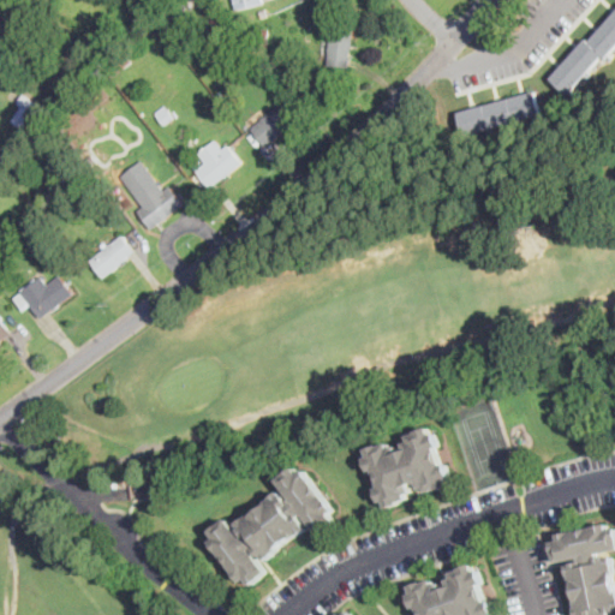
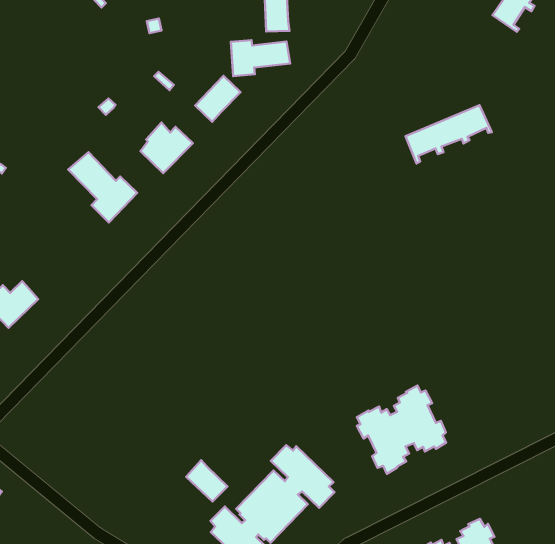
building: none -> [231,40,290,76]
building: [453,92,537,141] -> [405,105,492,163]
building: [84,235,131,280] -> none
building: none -> [186,460,228,502]

